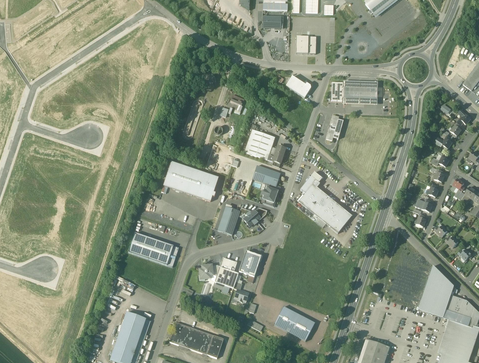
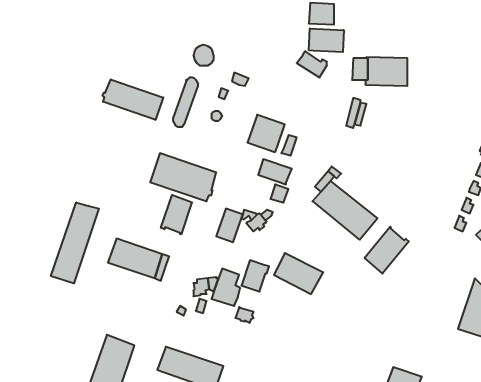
building: none -> [309,28,344,52]
building: none -> [103,79,163,120]
building: none -> [161,195,192,234]
building: none -> [51,202,99,283]
building: none -> [365,227,409,274]
building: [274,306,315,340] -> [274,253,323,294]

